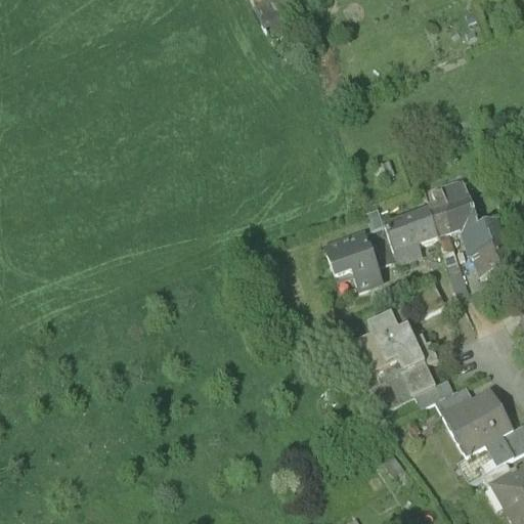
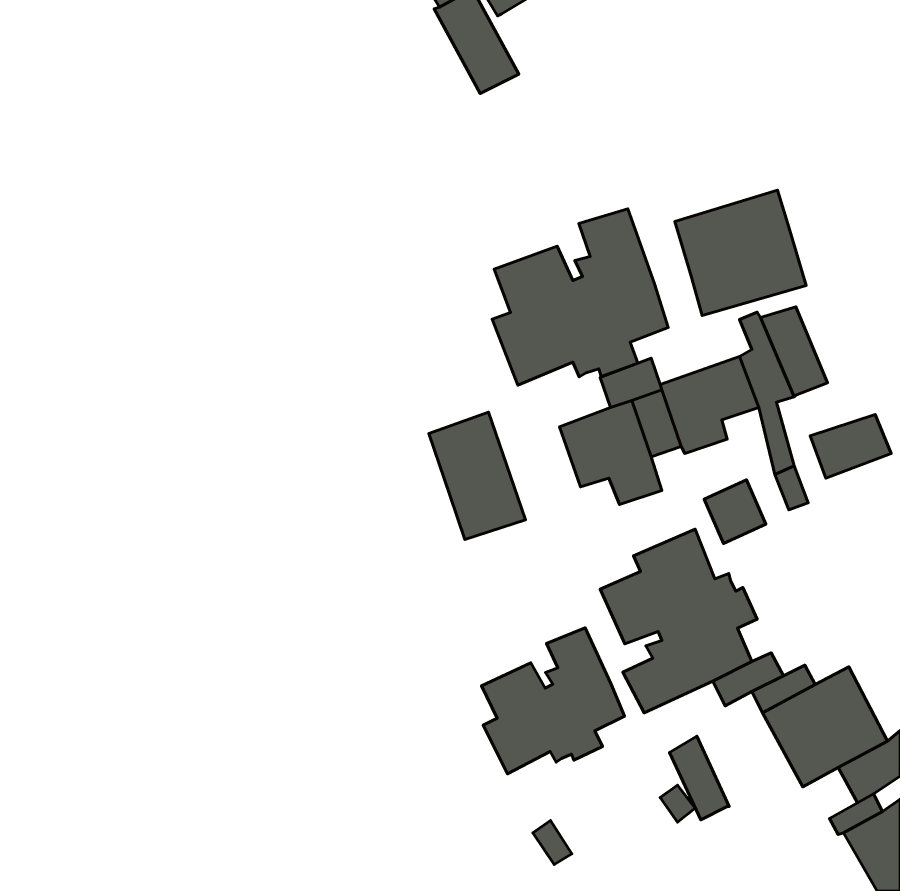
building: none -> [675,190,806,315]
building: none -> [492,209,668,385]
building: [462,217,508,253] -> none
building: none -> [429,412,526,540]
building: none -> [481,628,625,774]
building: none -> [670,736,729,820]

